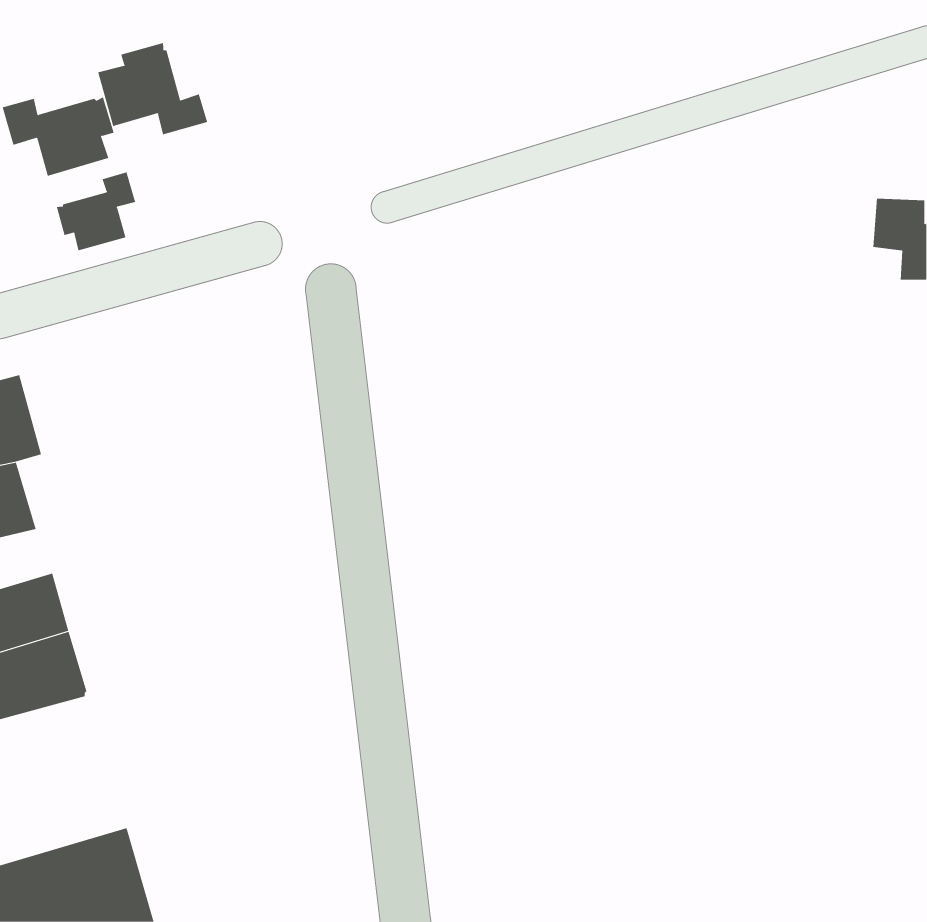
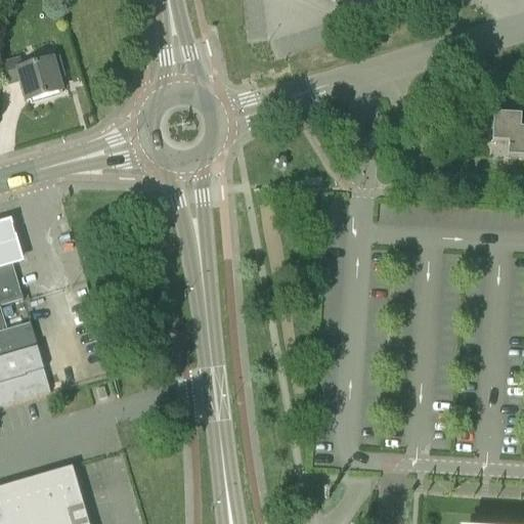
building: [98,42,208,135] -> none
building: [56,172,136,251] -> none

